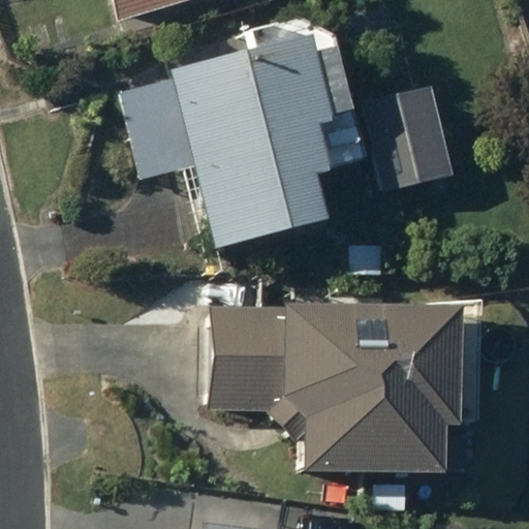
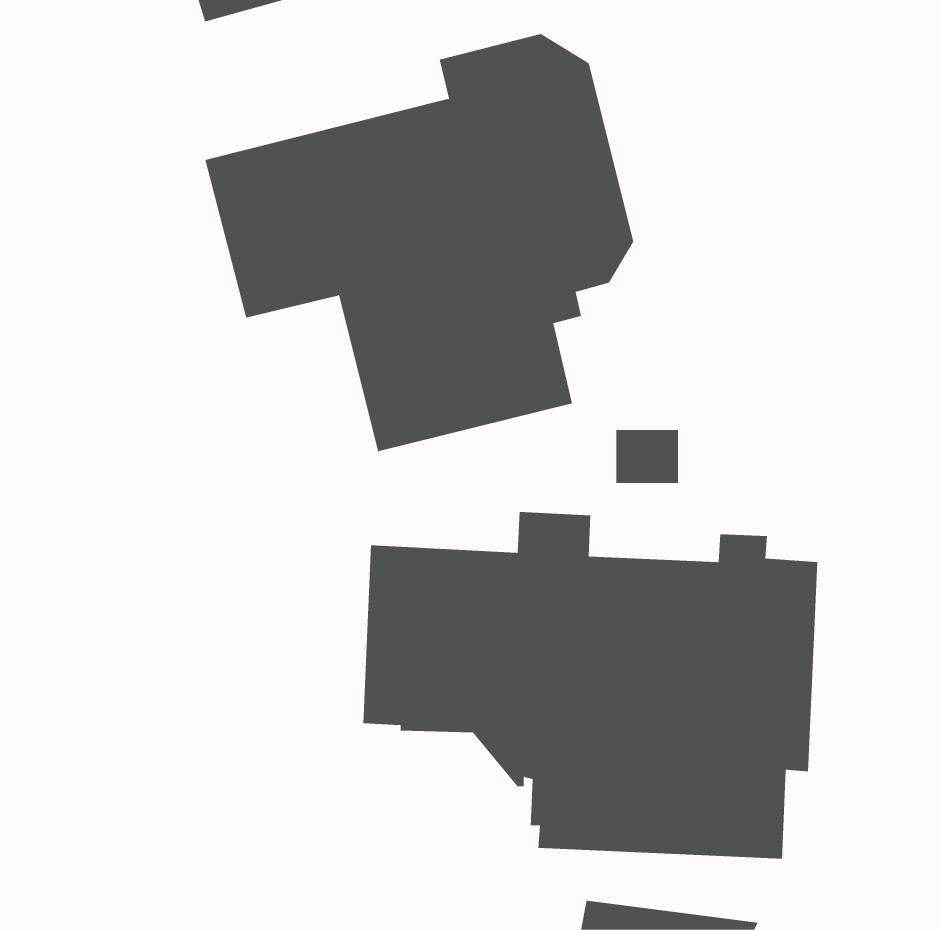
building: [366,83,453,188] -> none

